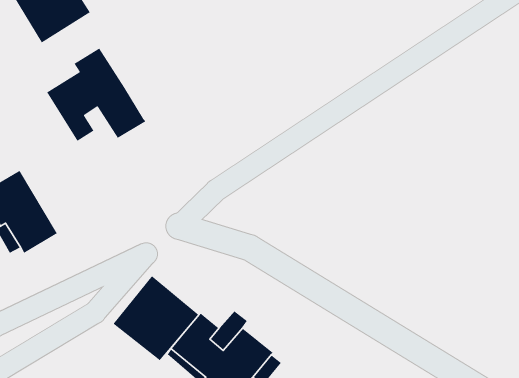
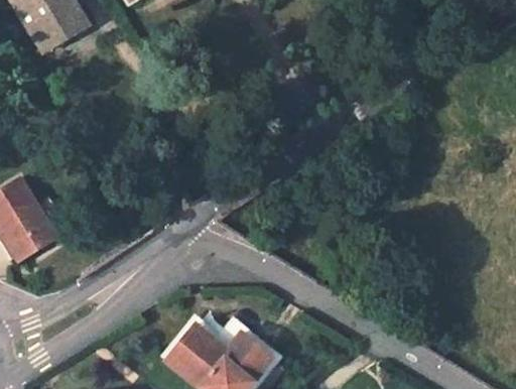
building: [46,48,146,142] -> none
building: [112,275,199,361] -> none

